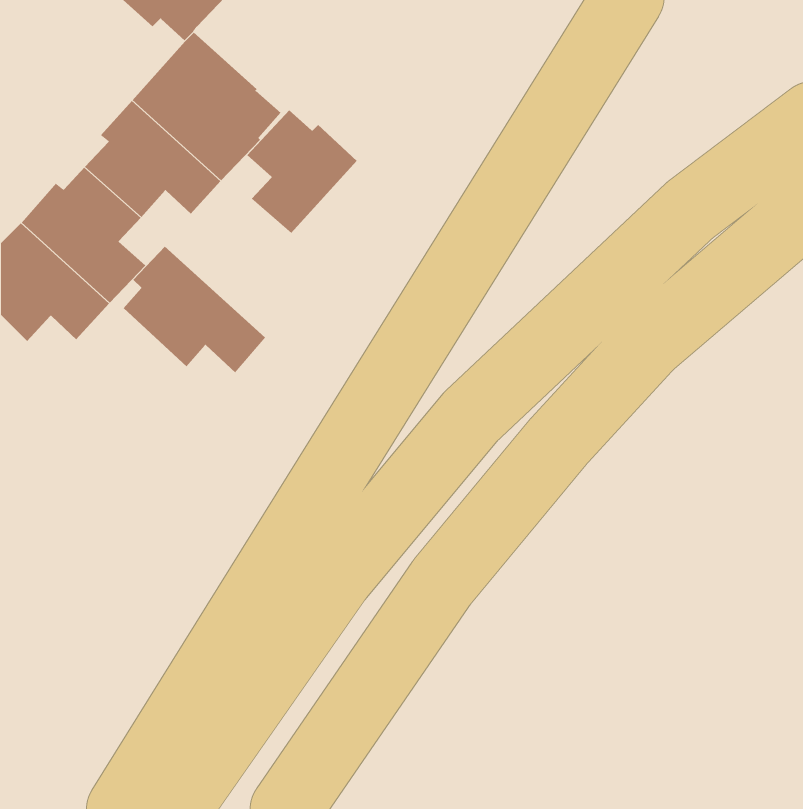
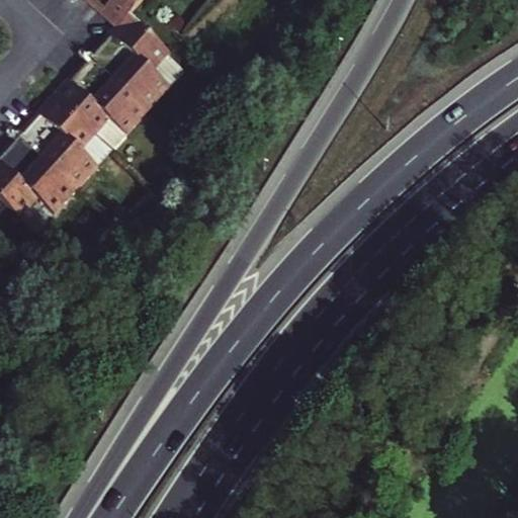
building: [246,109,357,234] -> none
building: [123,246,266,373] -> none

